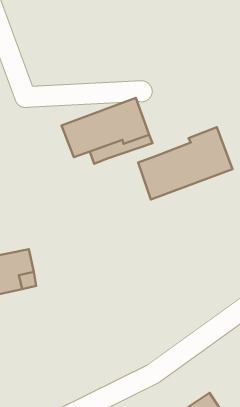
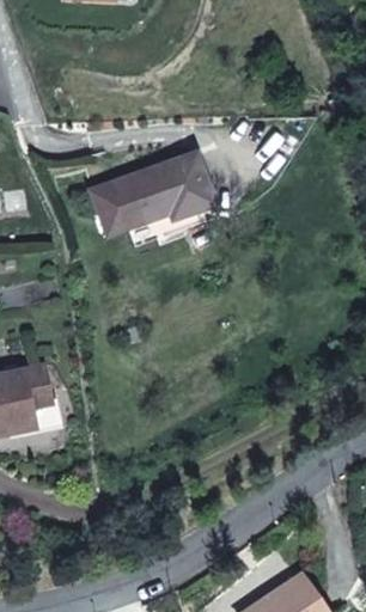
building: [138,127,233,199] -> none

